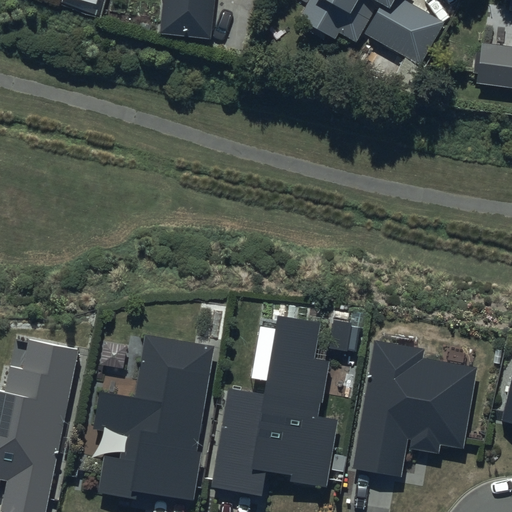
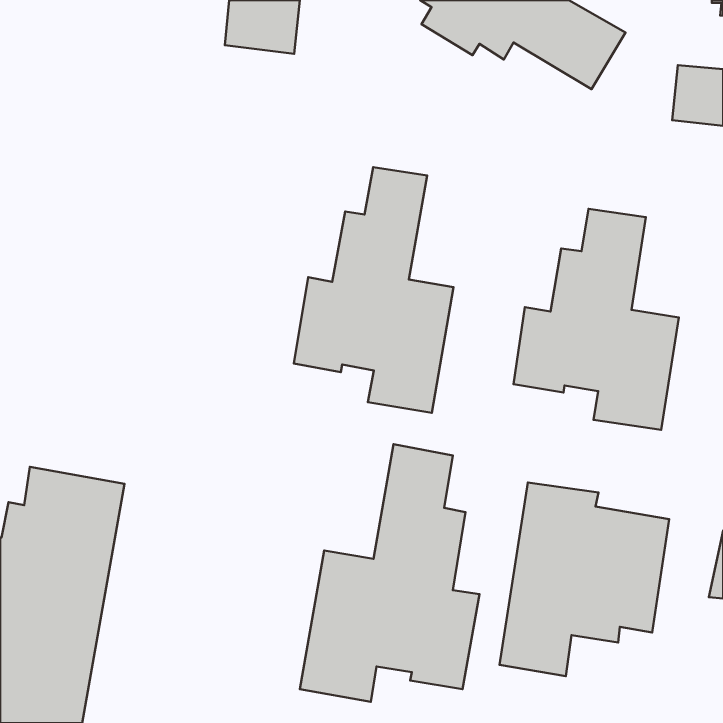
building: none -> [294,167,454,413]
building: none -> [513,209,679,430]
building: [94,336,213,500] -> none

